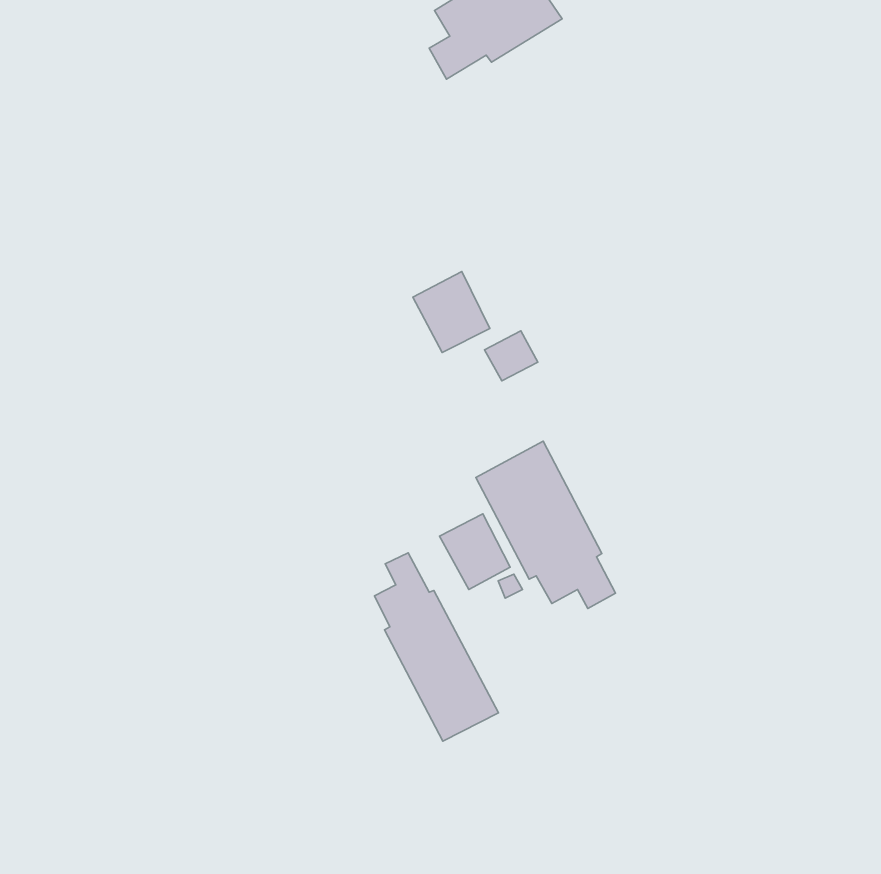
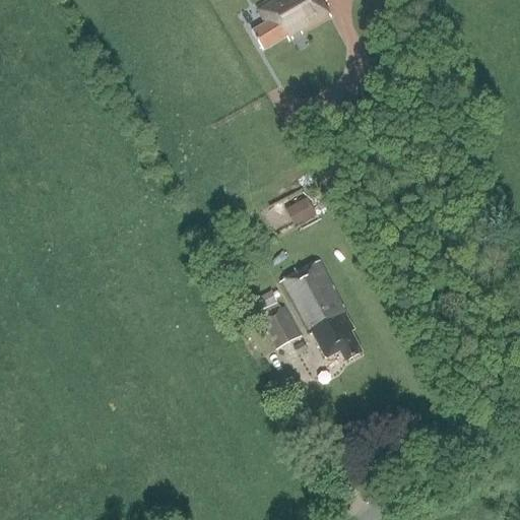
building: [413,271,490,353] -> none
building: [375,553,498,741] -> none

